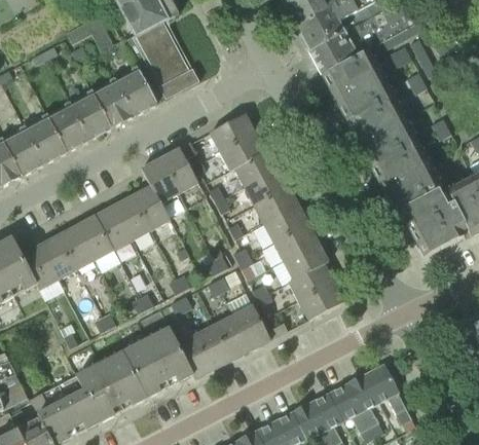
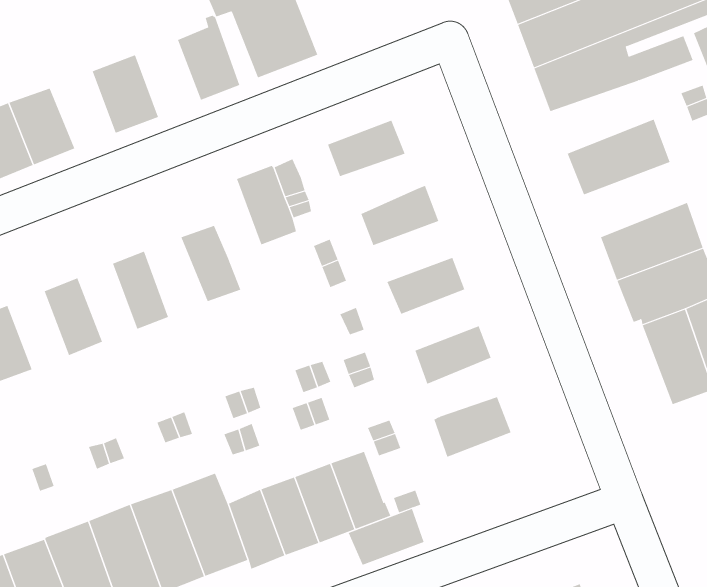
building: [334,74,394,120] -> none
building: [95,82,135,127] -> none
building: [48,106,88,151] -> none
building: [359,118,418,165] -> none
building: [219,132,264,171] -> none
building: [142,157,179,202] -> none
building: [243,168,289,206] -> none
building: [113,194,152,240] -> none
building: [263,205,308,243] -> none
building: [77,214,114,259] -> none
building: [39,234,77,280] -> none
building: [283,242,328,279] -> none
building: [299,283,343,319] -> [348,508,425,565]

